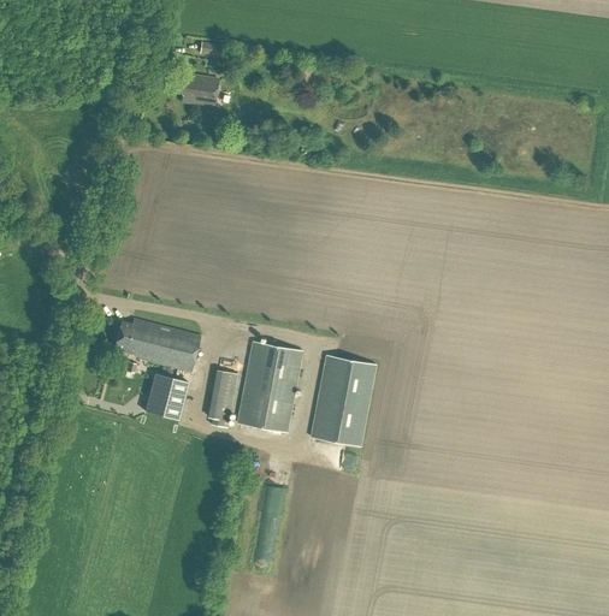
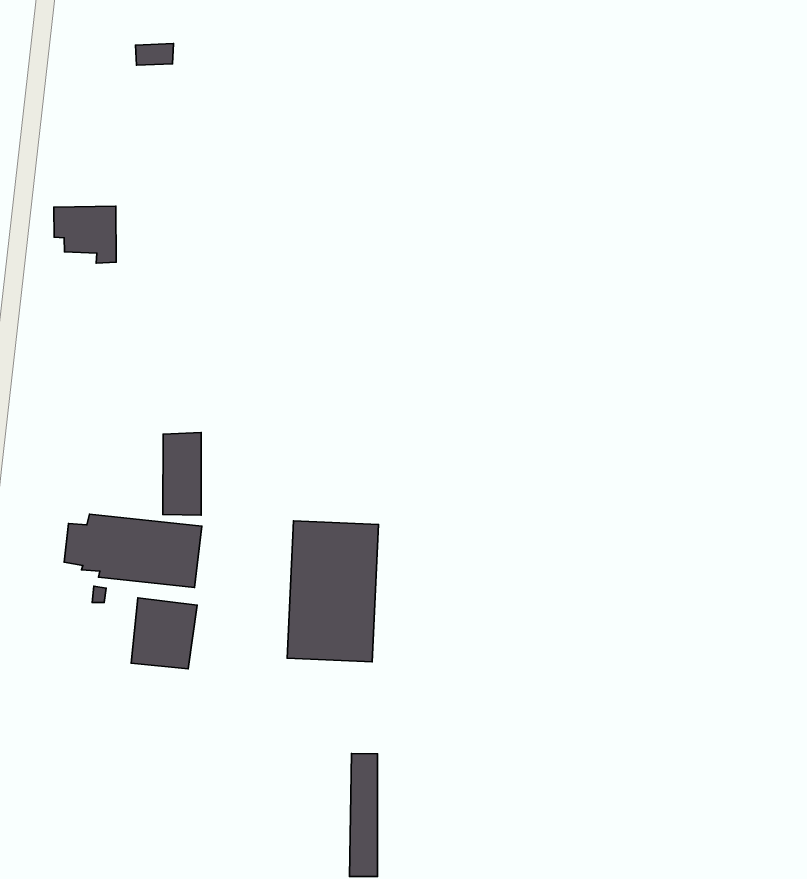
building: [176,75,215,113] -> [54,206,116,263]
building: [311,355,377,446] -> none
building: [206,369,236,421] -> [163,433,201,515]

